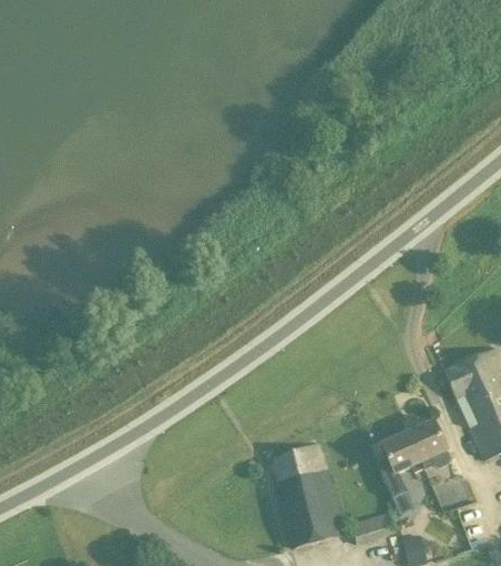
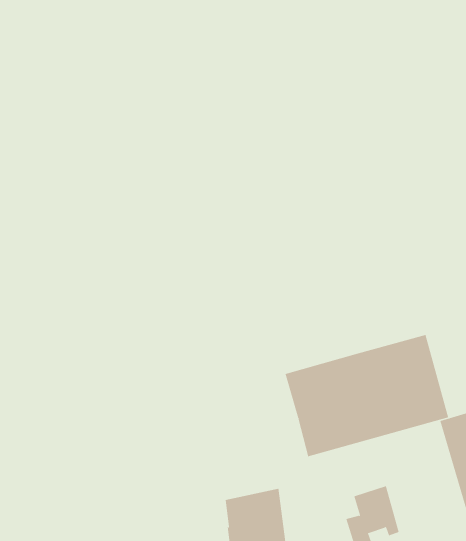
building: none -> [285,334,449,457]
building: [408,418,451,467] -> none

